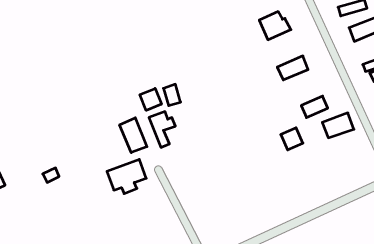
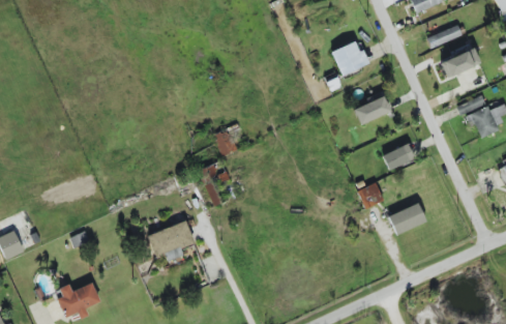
building: [140,88,161,110] -> none
building: [322,113,354,138] -> [388,203,426,233]
building: [120,118,147,153] -> none
building: none -> [57,283,99,318]

